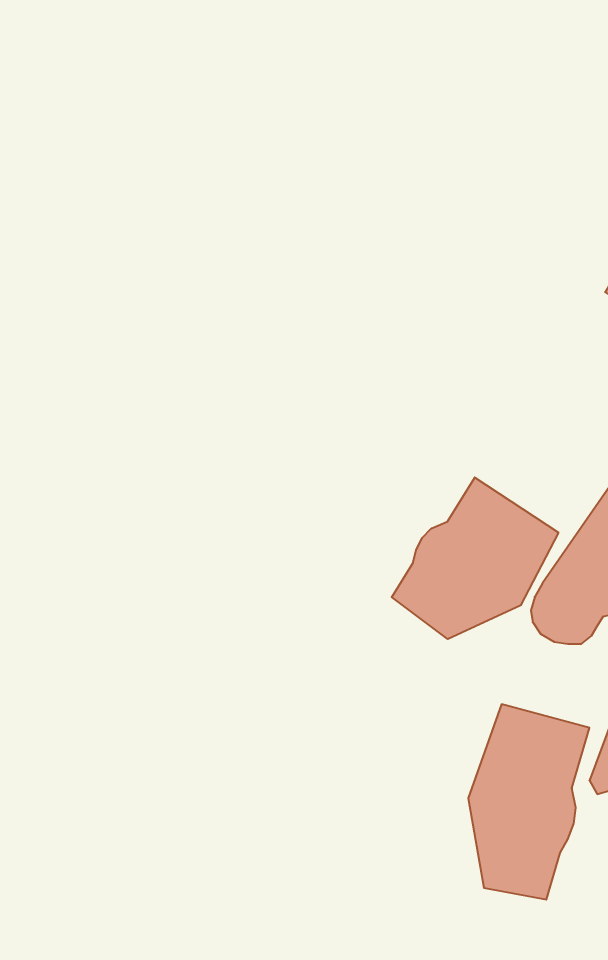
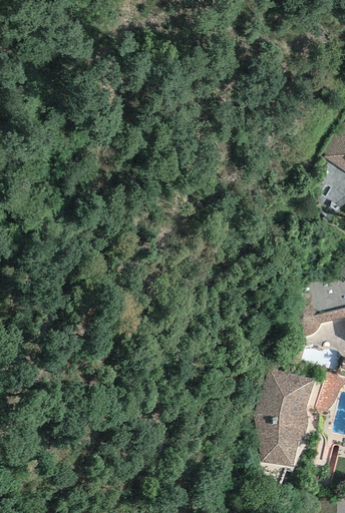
building: [392,477,558,639] -> none

